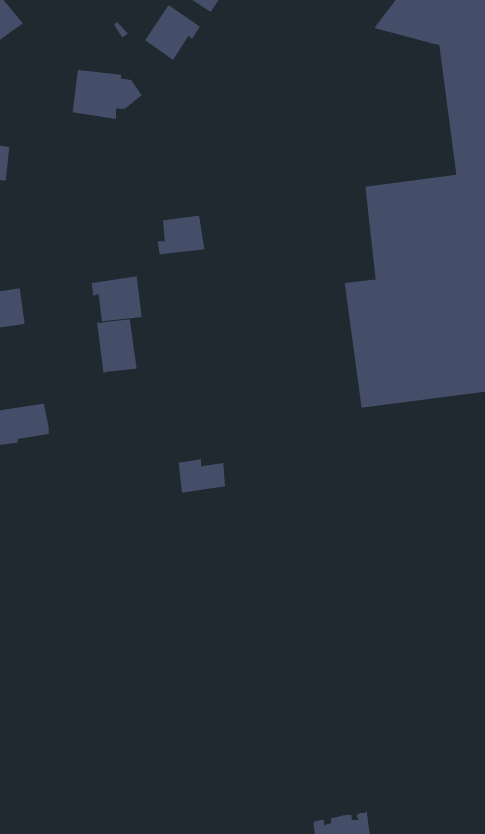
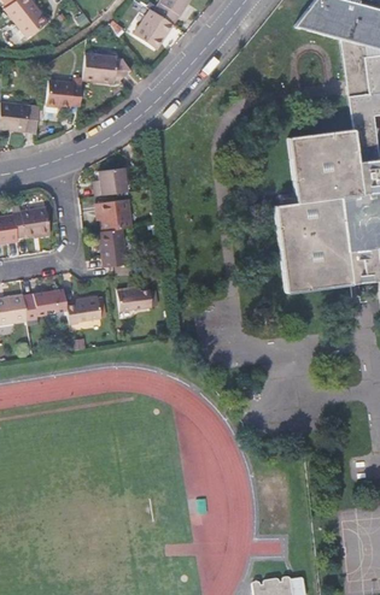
building: none -> [47,81,82,110]
building: [157,215,205,255] -> [94,169,128,196]
building: none -> [68,298,103,324]
building: [178,459,226,493] -> [111,289,145,313]

